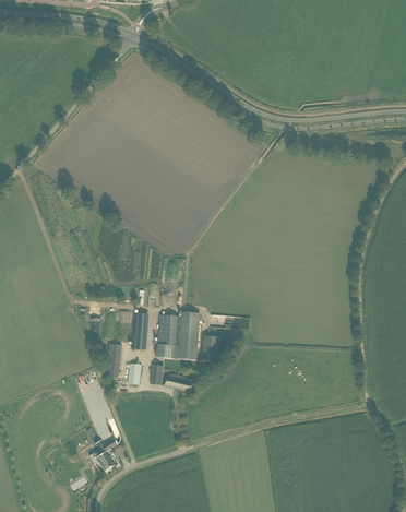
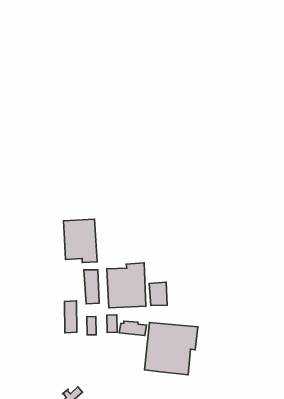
building: none -> [64,219,97,262]
building: none -> [144,322,198,375]

